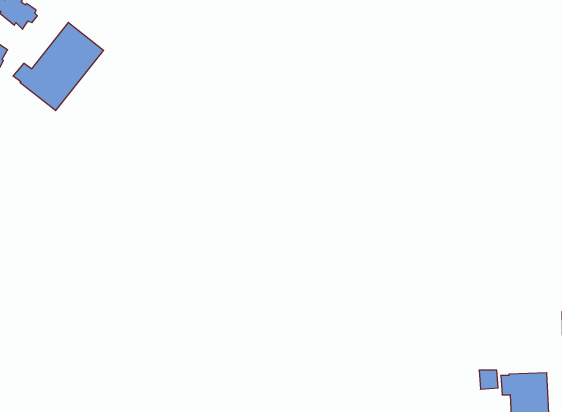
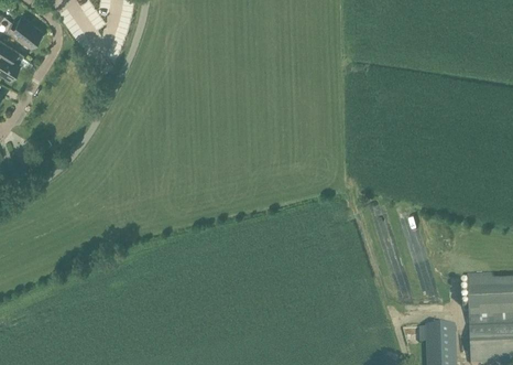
building: [13,22,104,111] -> none

